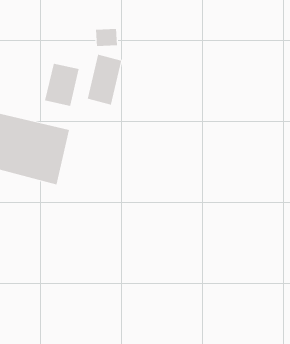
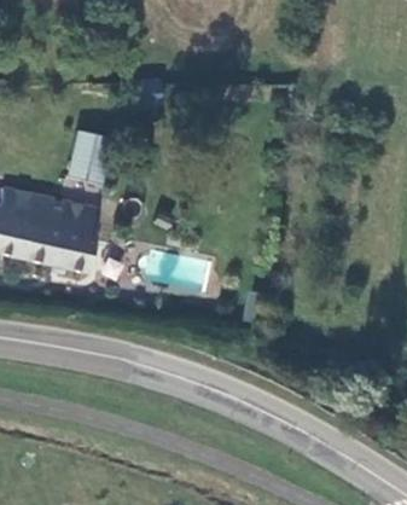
building: [87,54,122,105] -> none

